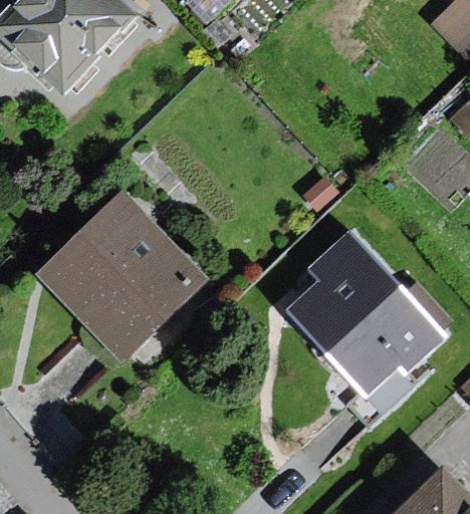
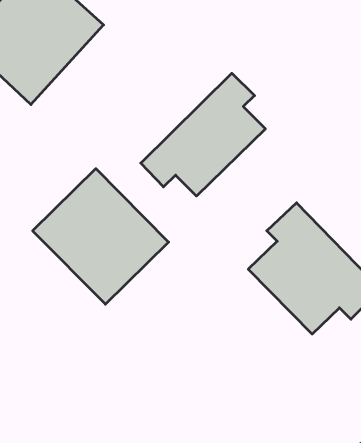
building: none -> [141,73,265,196]

